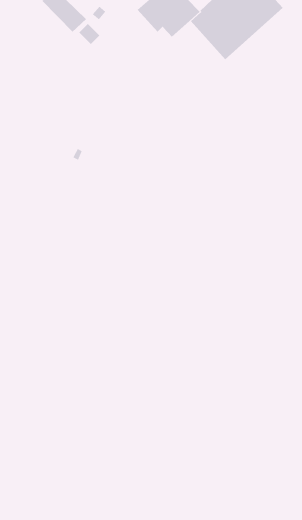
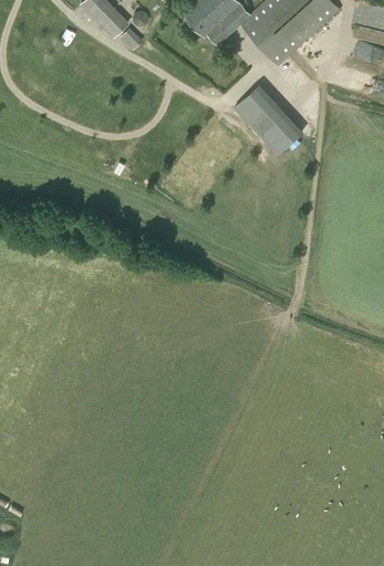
building: none -> [235,83,303,156]

